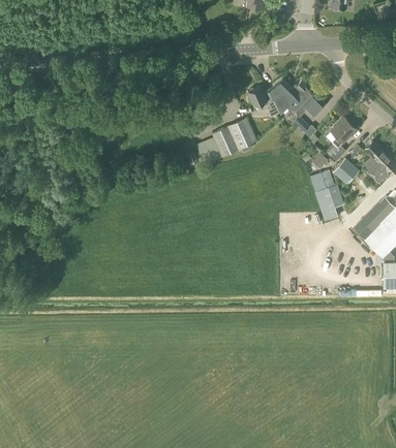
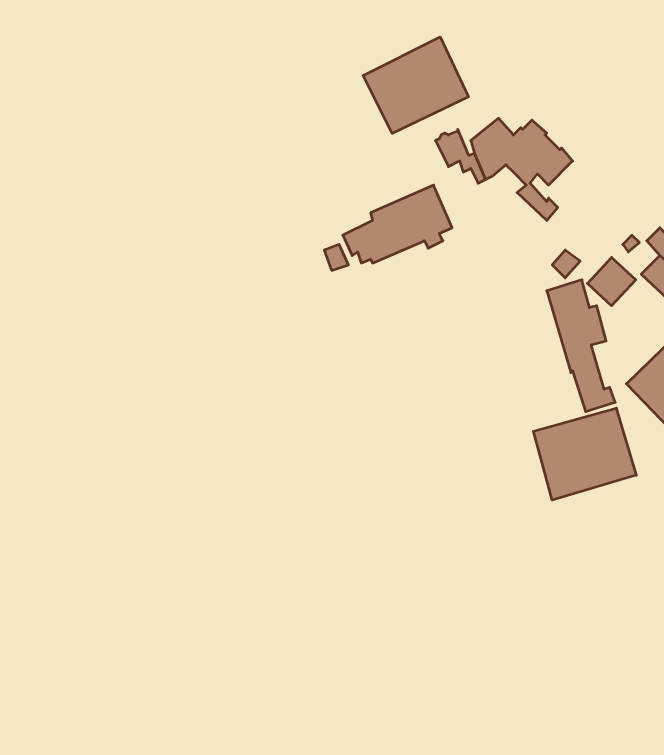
building: none -> [363,37,468,133]
building: [326,119,358,156] -> none
building: none -> [533,408,636,500]

